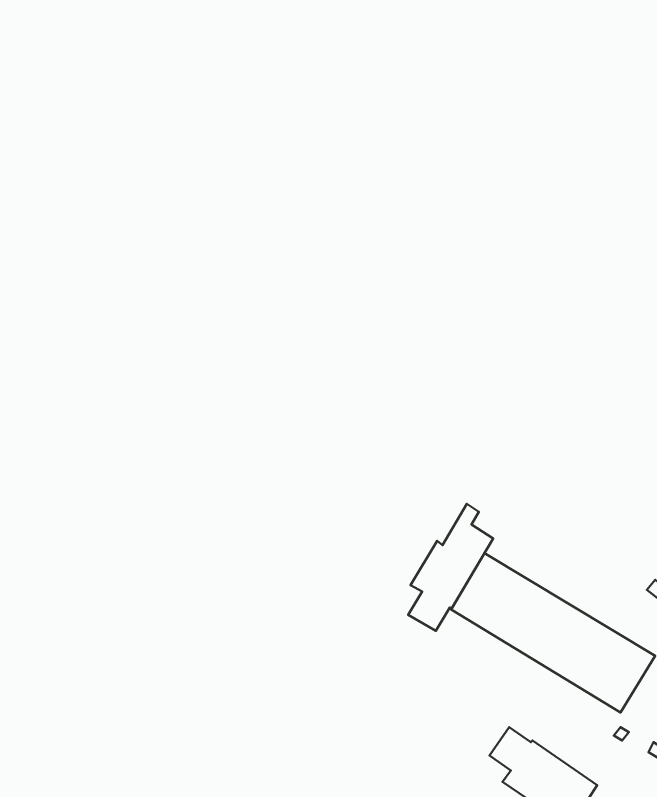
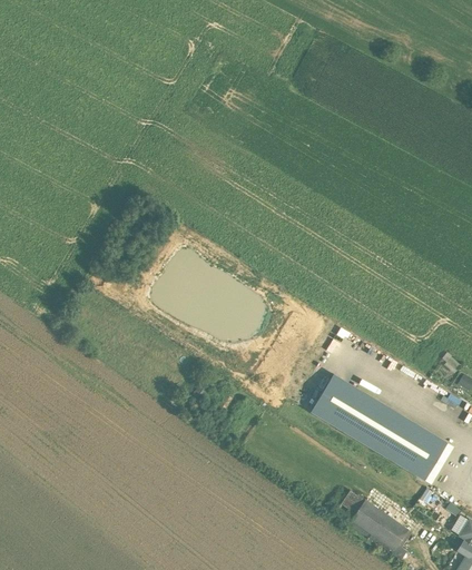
building: [408,504,493,631] -> none

